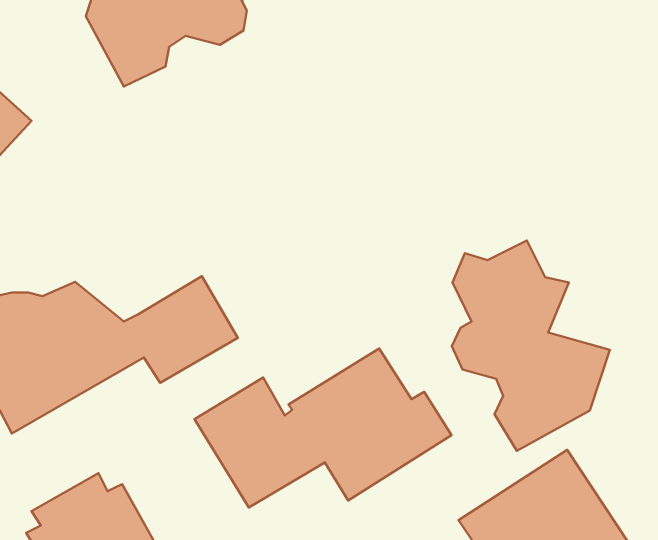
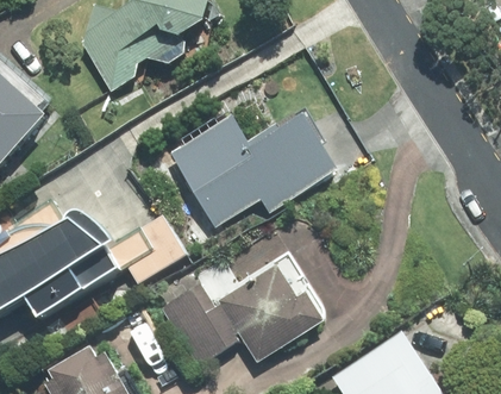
building: none -> [167,108,339,227]
building: [452,241,610,451] -> none

